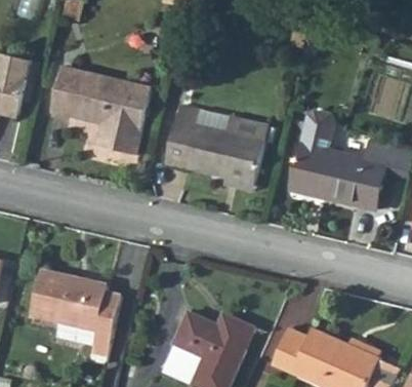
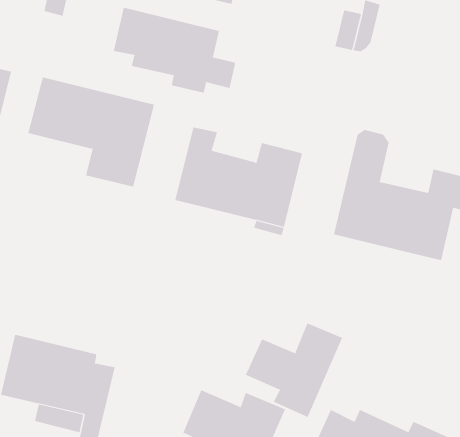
building: none -> [113,7,236,94]
building: none -> [245,323,343,418]

